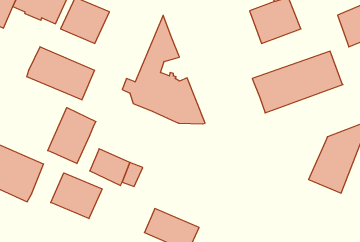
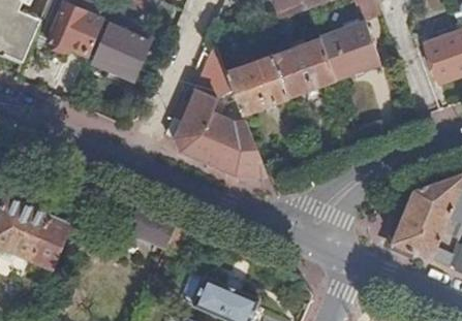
building: [27,47,95,100] -> none
building: [252,51,343,113] -> [225,39,335,114]
building: [48,108,96,164] -> none
building: [51,173,102,219] -> none

